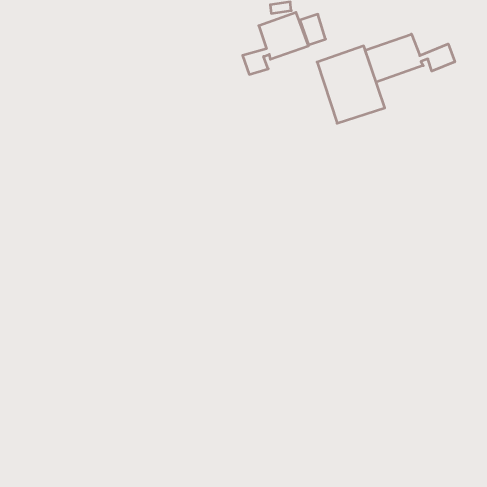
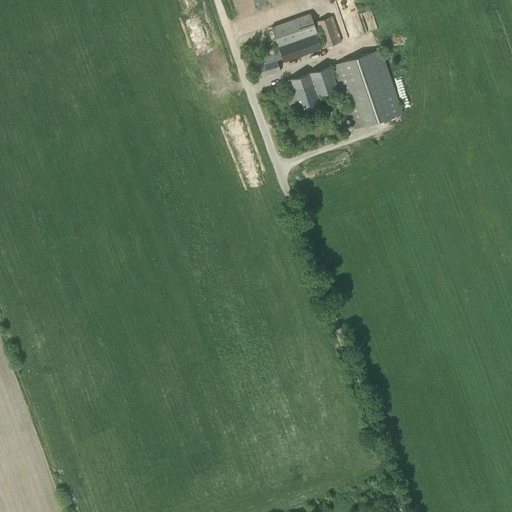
building: [365,34,455,82] -> none
building: none -> [284,67,338,115]

